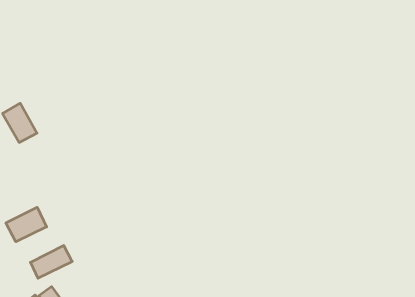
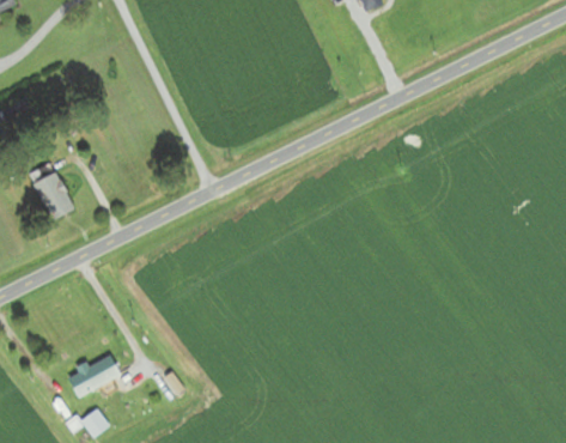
building: [6,207,47,242] -> none

